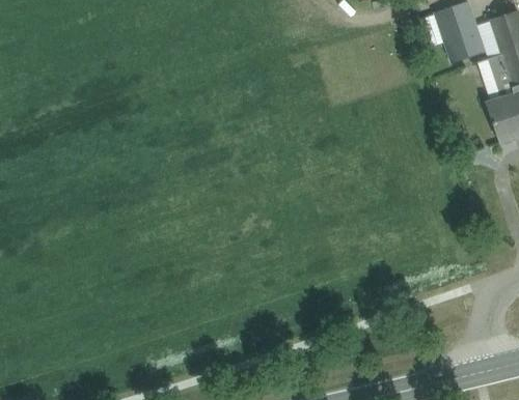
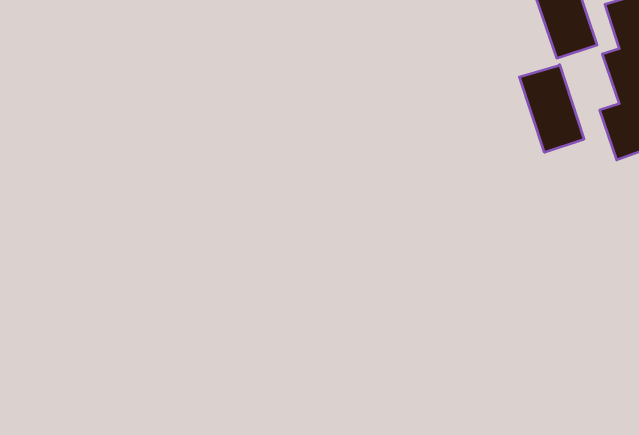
building: none -> [519,65,584,152]

